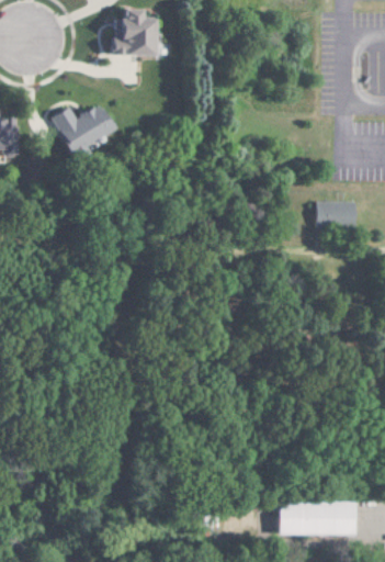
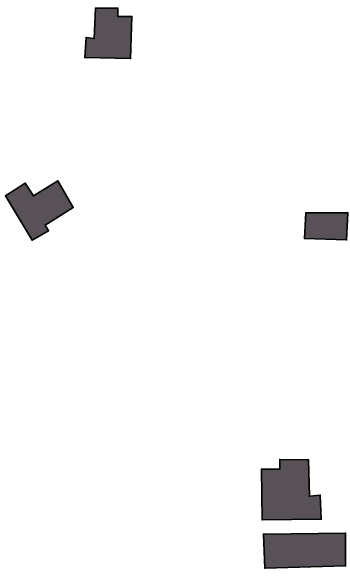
building: [50,104,114,160] -> [5,181,73,240]
building: none -> [262,459,321,520]

